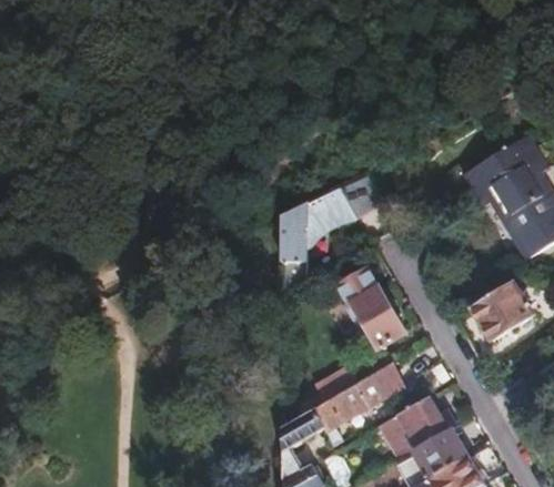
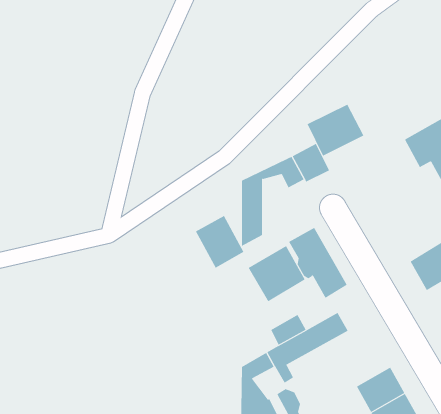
building: none -> [307,104,364,156]
building: none -> [195,215,244,268]
building: none -> [248,245,306,302]
building: [376,397,456,459] -> none

